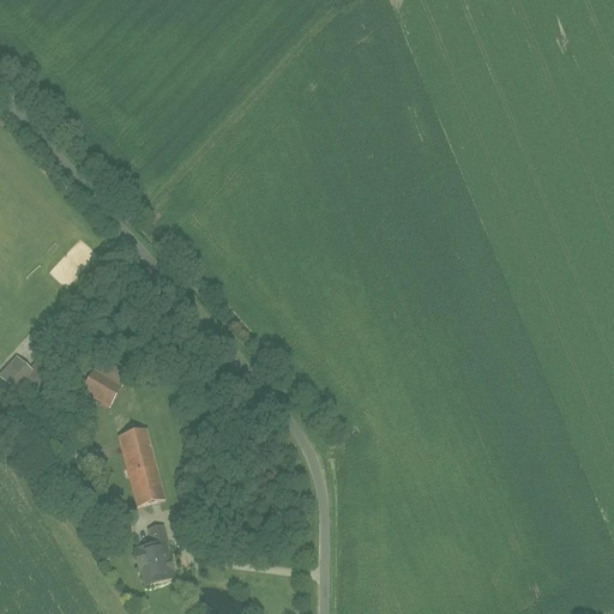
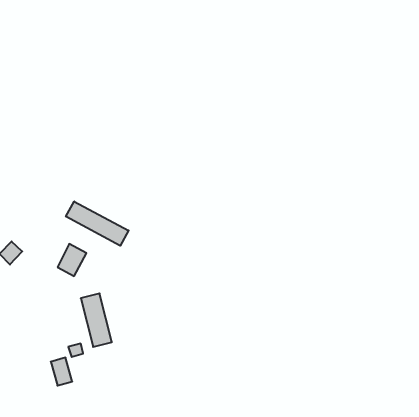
building: none -> [66,201,129,246]
building: [136,542,167,583] -> [51,358,72,386]

